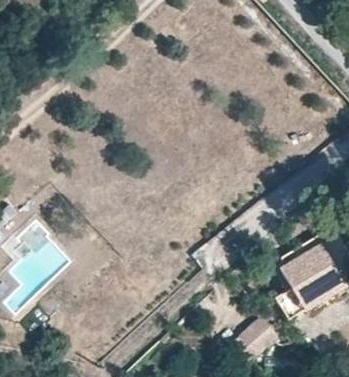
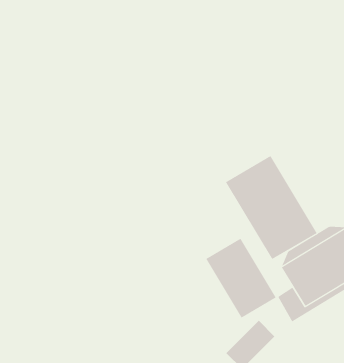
building: none -> [225,155,317,260]
building: none -> [206,238,276,318]

